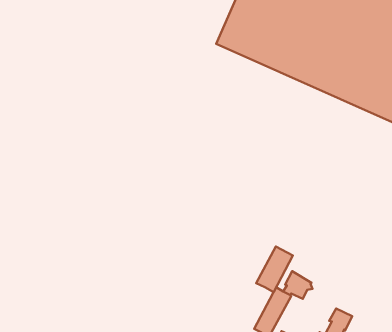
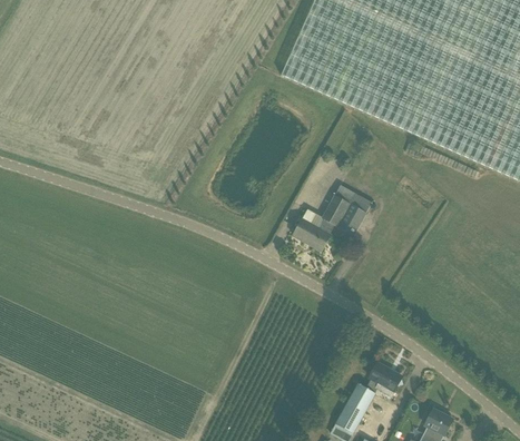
building: none -> [293,184,372,249]
building: [256,246,293,292] -> none

